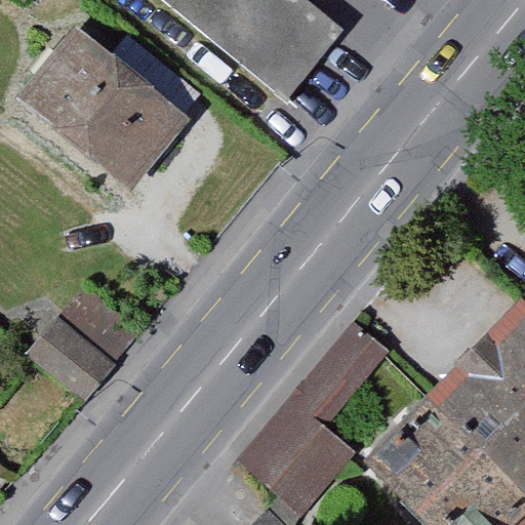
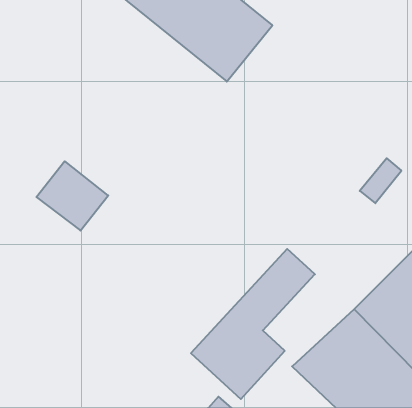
building: [14,27,179,185] -> none
building: [38,306,128,393] -> [36,161,108,231]

